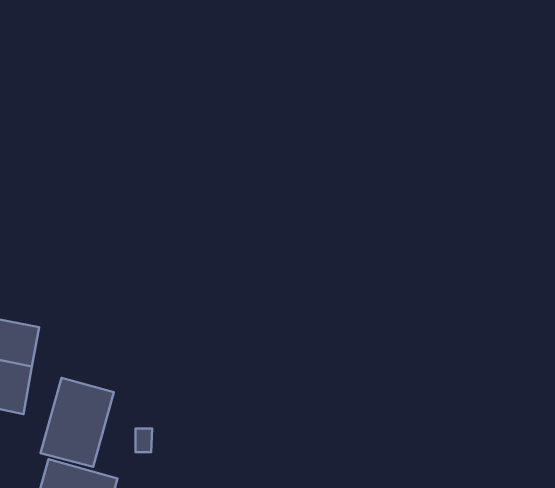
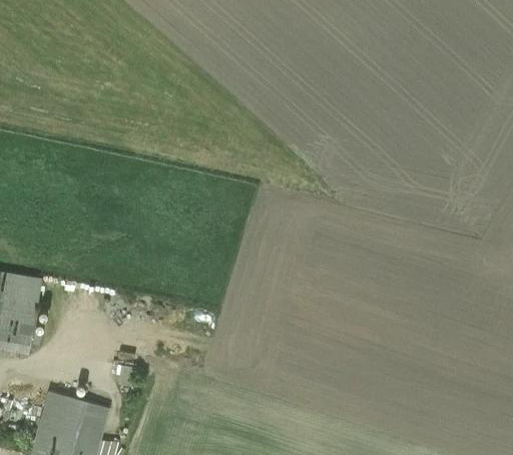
building: [40,378,114,467] -> none

